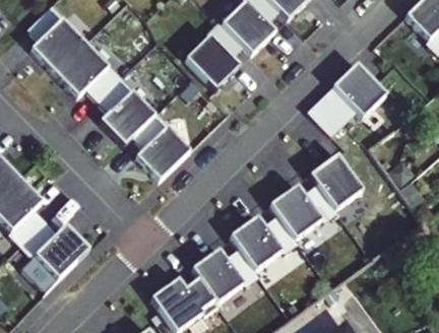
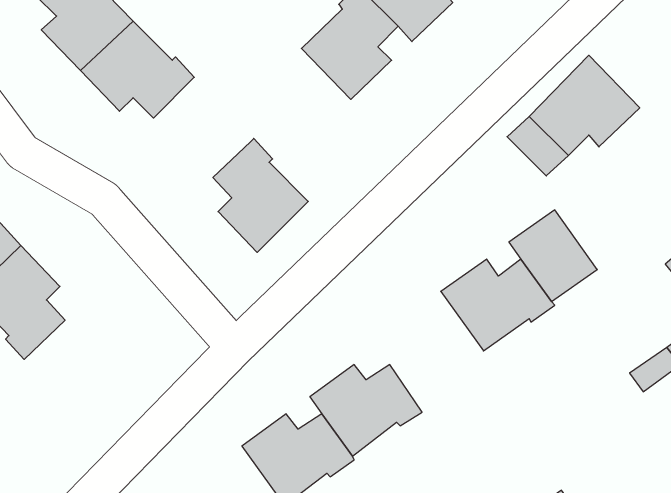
building: [98,76,155,144] -> none
building: [230,215,297,270] -> none
building: [20,221,88,292] -> none

